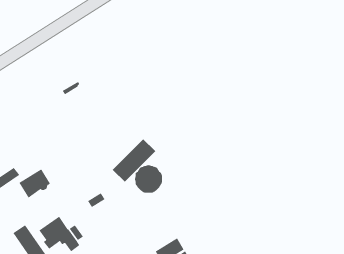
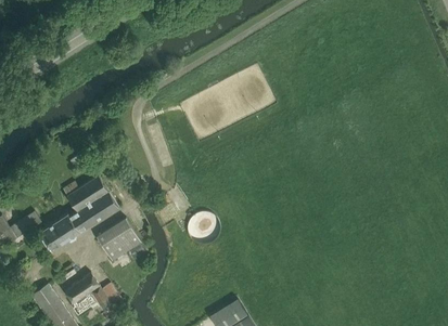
building: none -> [63,175,118,233]
building: [112,139,156,183] -> none
building: none -> [95,218,140,260]

